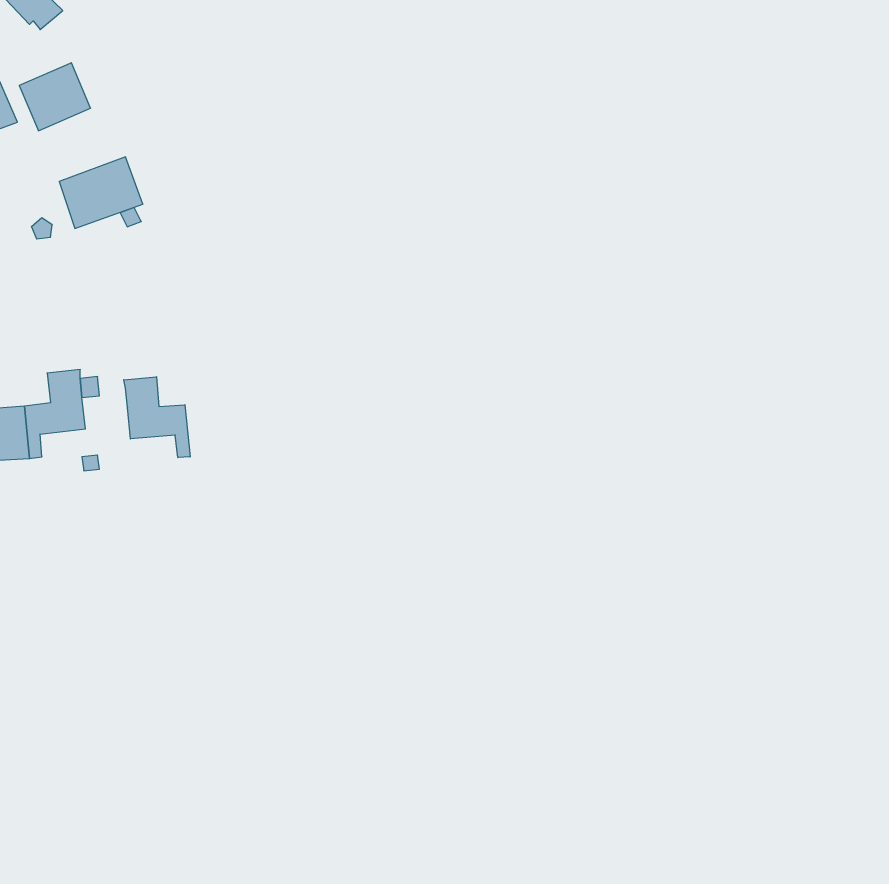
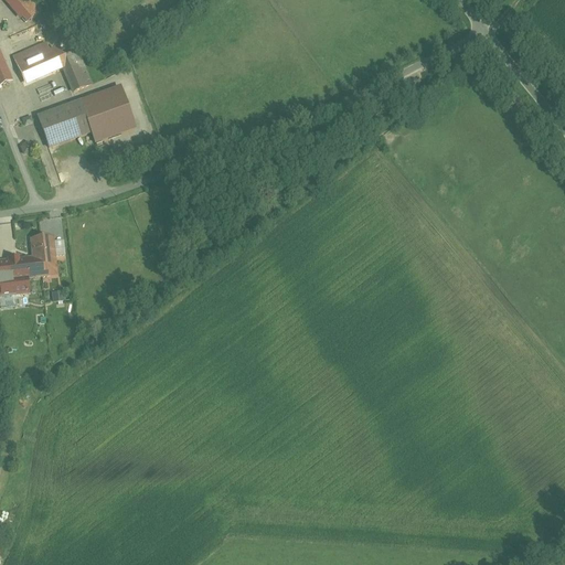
building: none -> [58,47,90,88]
building: none -> [79,85,136,140]
building: [124,377,190,458] -> none

